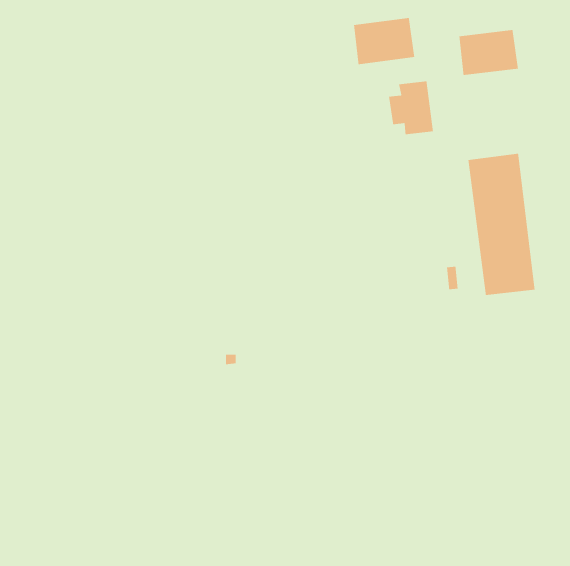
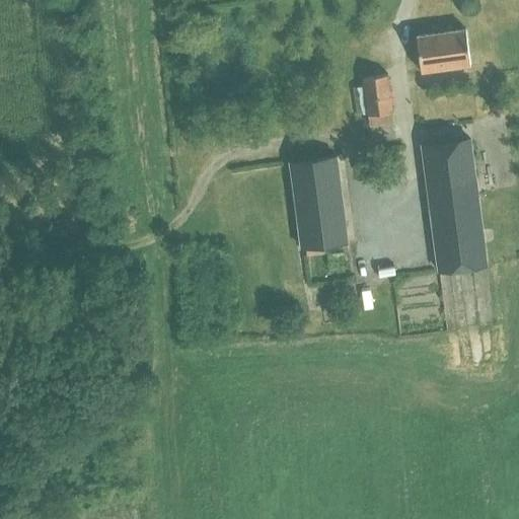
building: [353,17,415,65] -> none
building: none -> [289,157,346,246]

